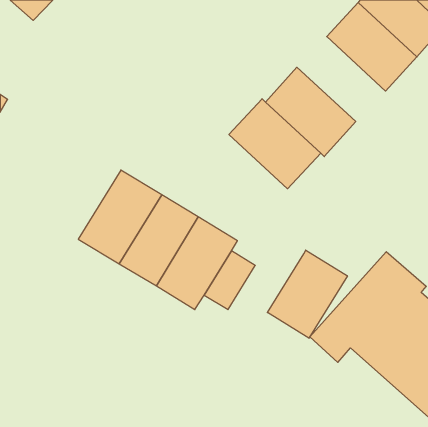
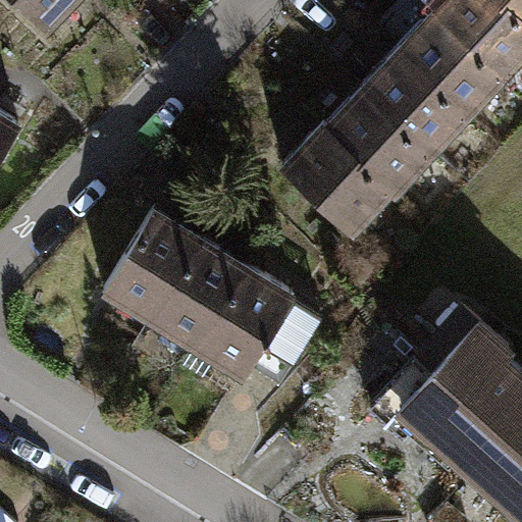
building: none -> [364,53,470,155]
building: [267,250,347,338] -> none

